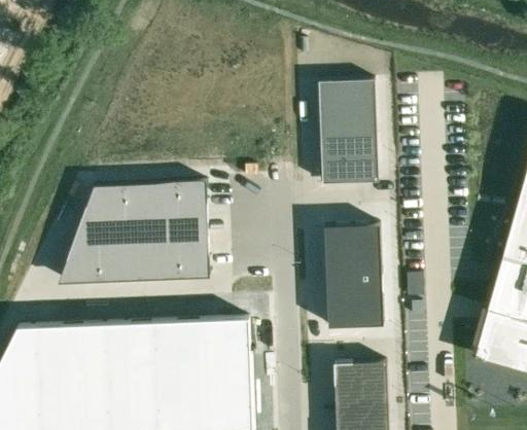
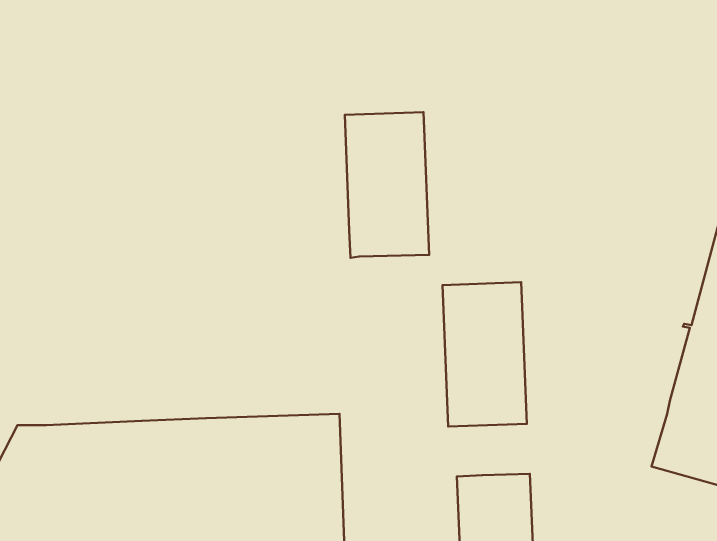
building: [319,80,380,185] -> [345,112,429,258]
building: [67,182,210,284] -> none

